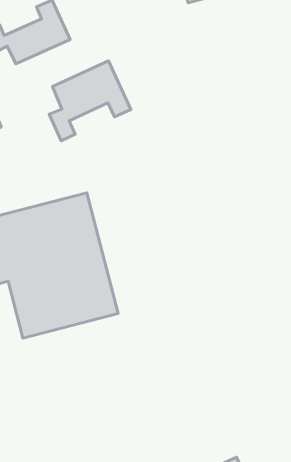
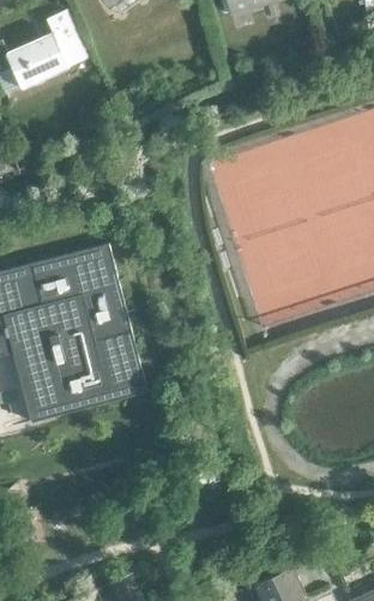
building: [49,61,131,141] -> none

